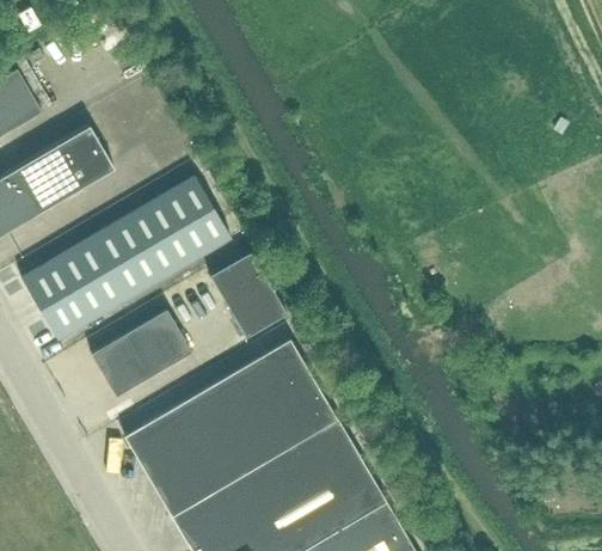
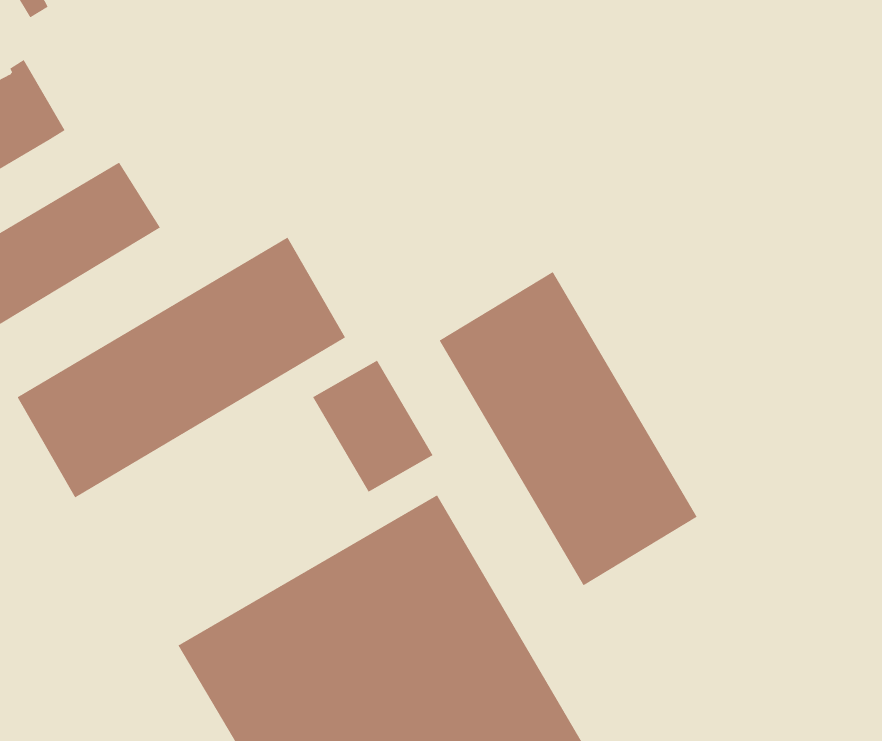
building: none -> [439,271,698,586]
building: [92,311,192,398] -> none

